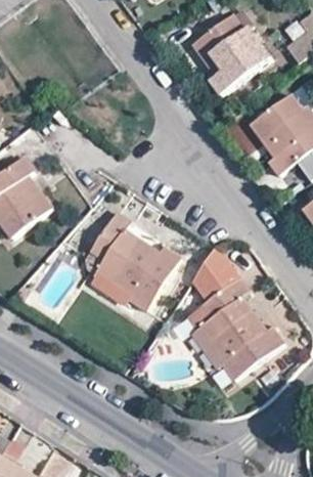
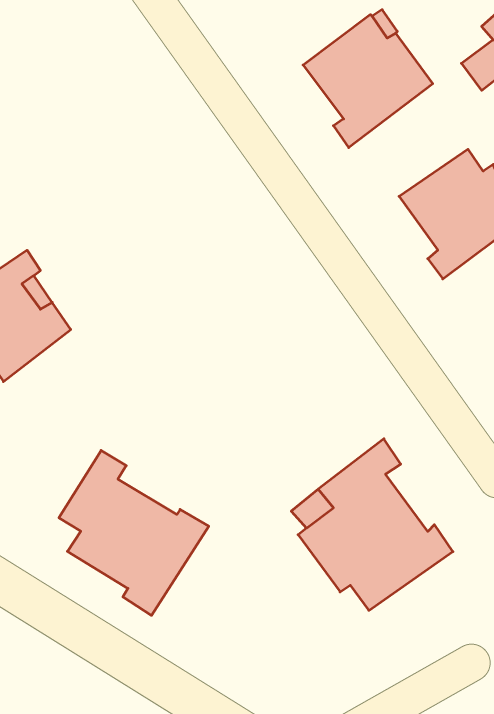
building: [88,211,179,311] -> [59,450,209,615]
building: [190,246,235,295] -> none

